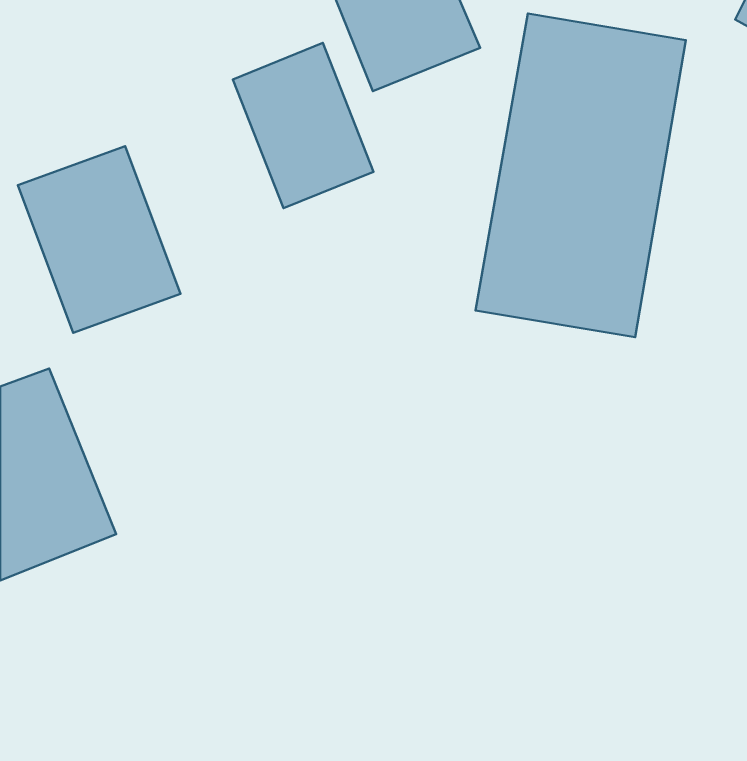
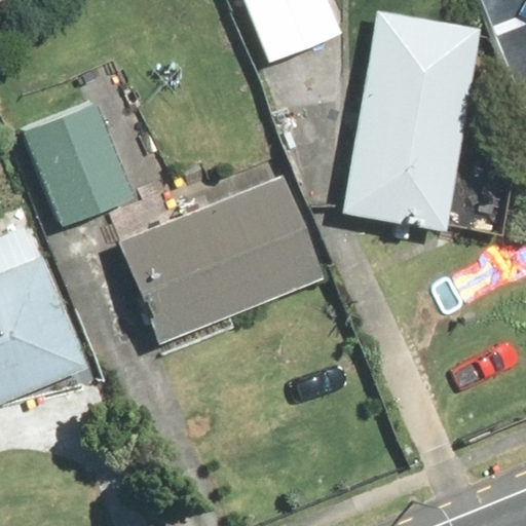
building: [233,43,373,208] -> none
building: none -> [113,175,323,346]

